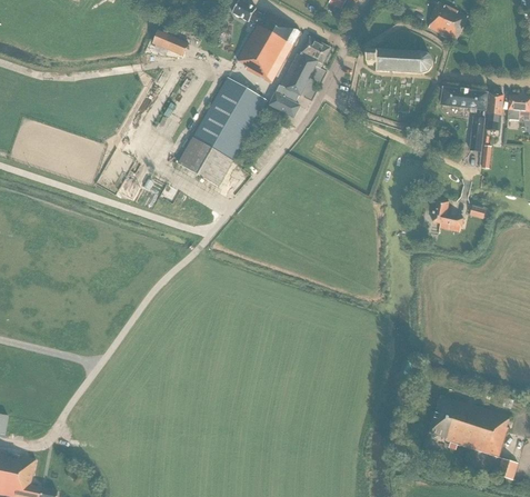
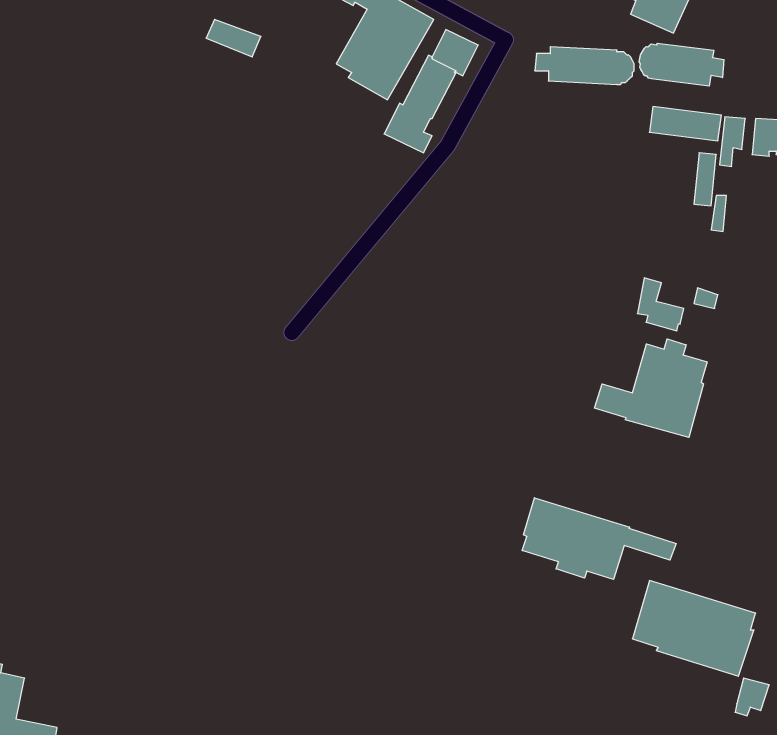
building: none -> [639,43,724,86]
building: [178,78,267,186] -> none
building: none -> [595,339,707,437]
building: none -> [522,498,676,579]

